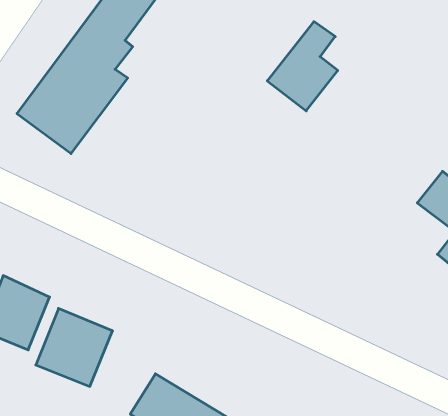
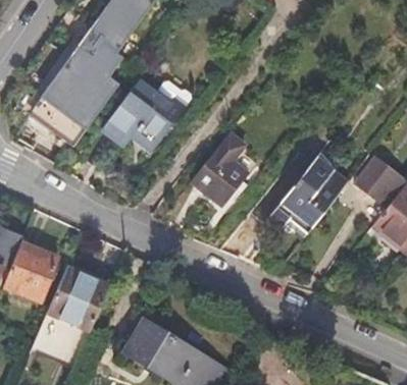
building: [267,22,338,111] -> [192,133,249,206]
building: none -> [104,78,187,148]
building: none -> [271,155,348,228]

